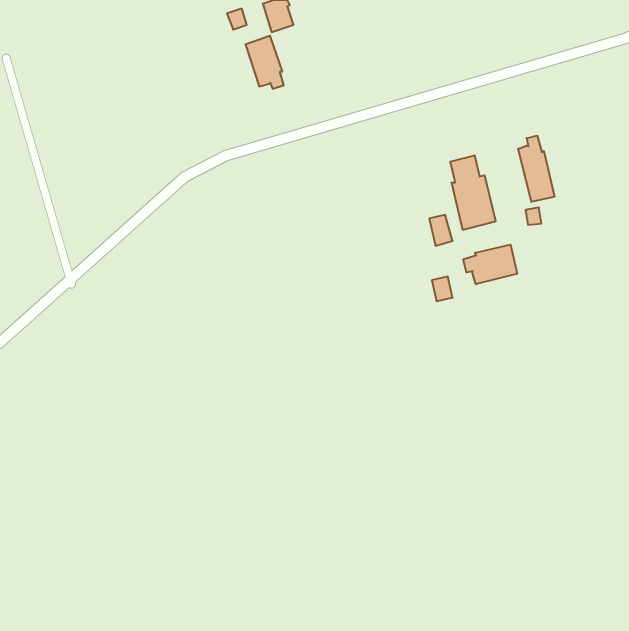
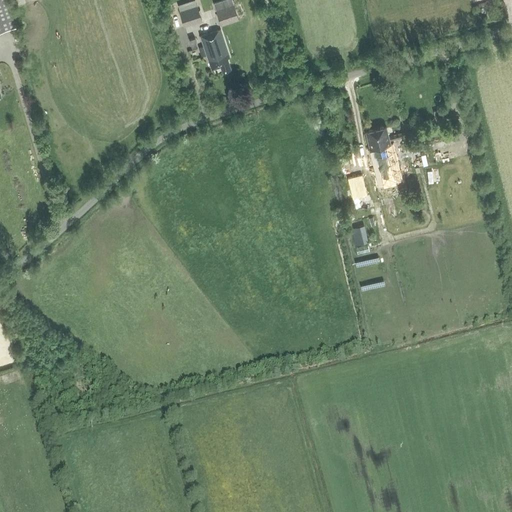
building: [518,136,555,202] -> none
building: [463,245,517,284] -> none

